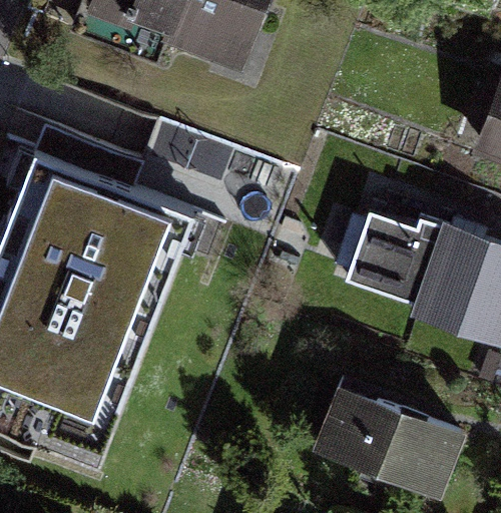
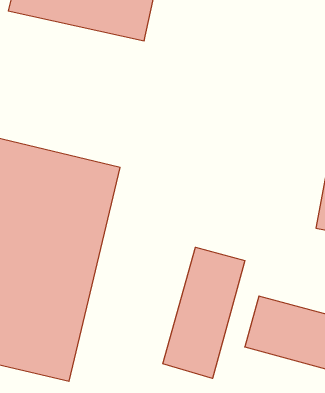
building: [351,198,425,280] -> none
building: none -> [163,247,245,378]

